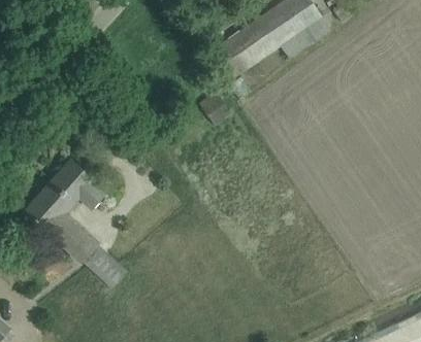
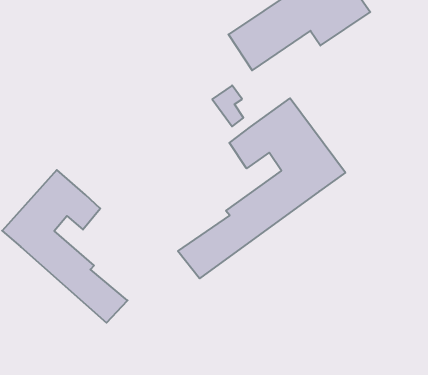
building: none -> [178,98,345,278]

